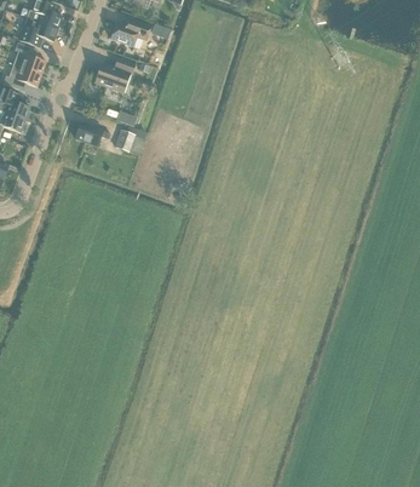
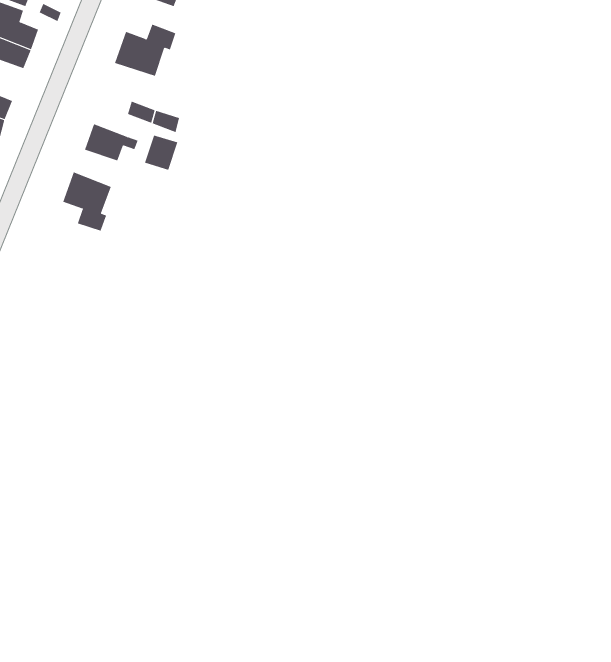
building: none -> [63,171,112,231]

